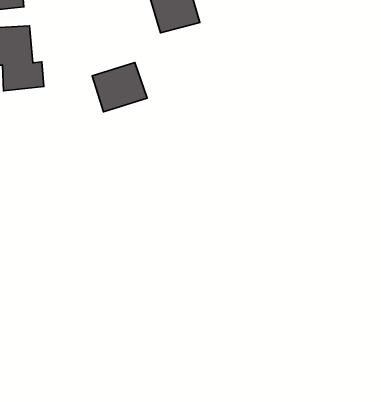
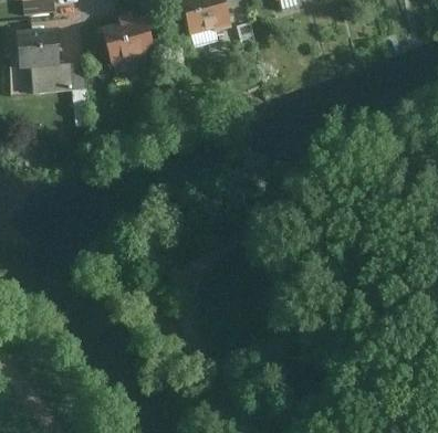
building: [92,62,147,112] -> [98,17,153,65]

